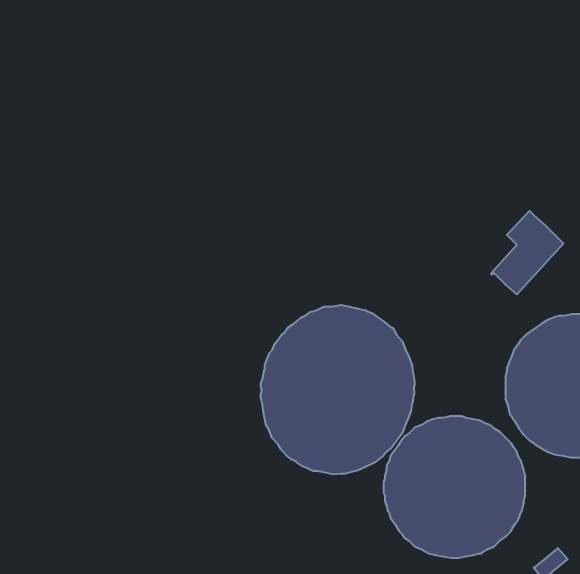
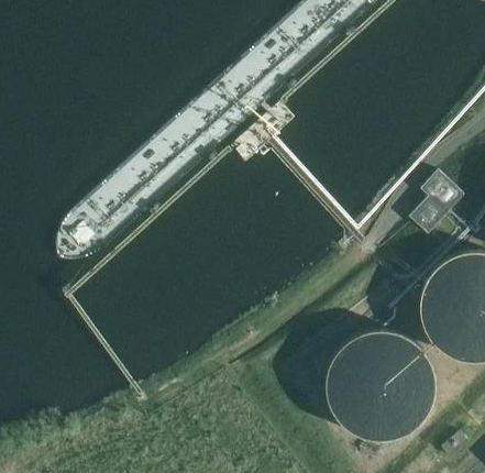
building: [261,305,415,474] -> none

